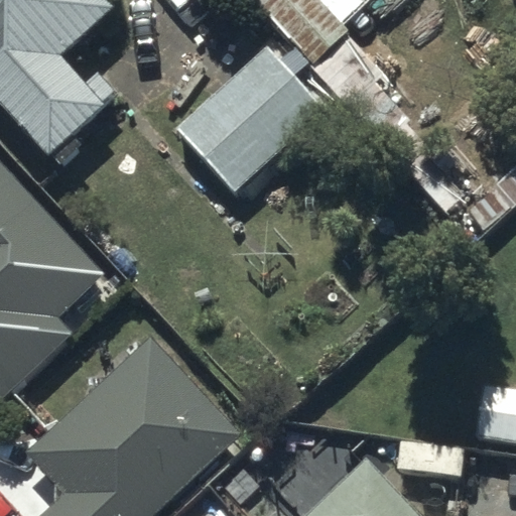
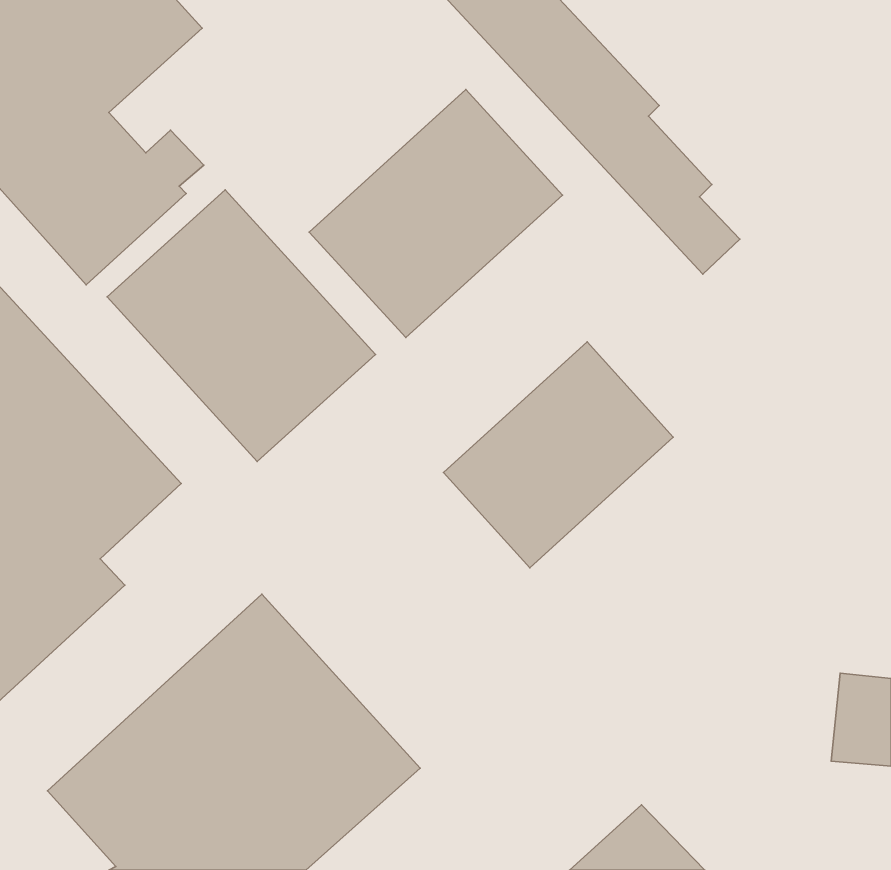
building: none -> [107,190,375,462]
building: none -> [444,342,673,568]

